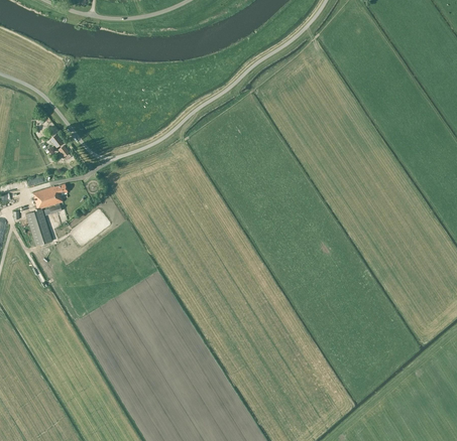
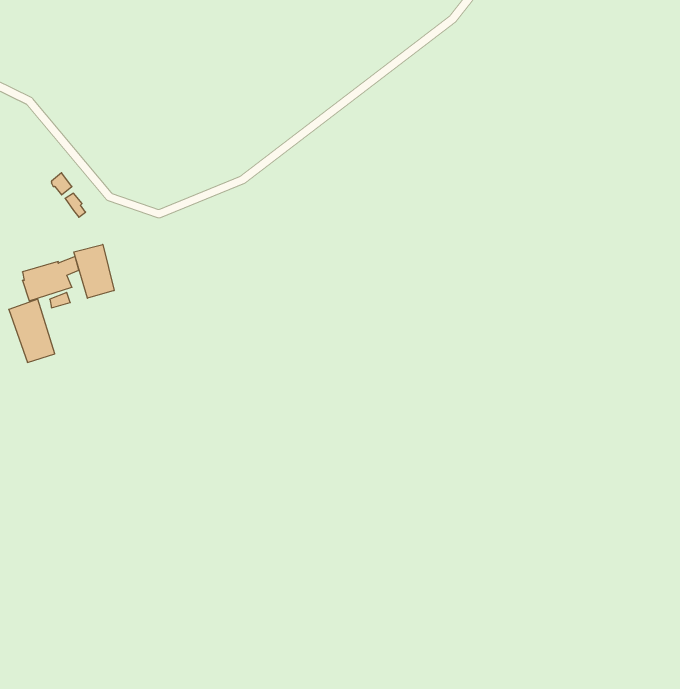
building: none -> [74,244,114,298]

